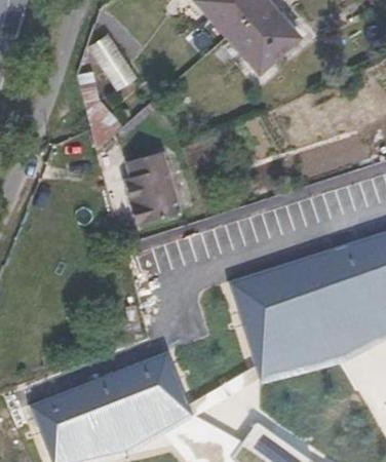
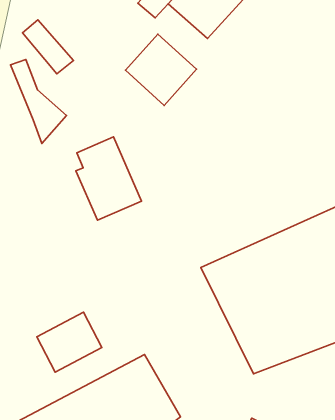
building: none -> [125,34,197,105]
building: none -> [37,312,102,372]

